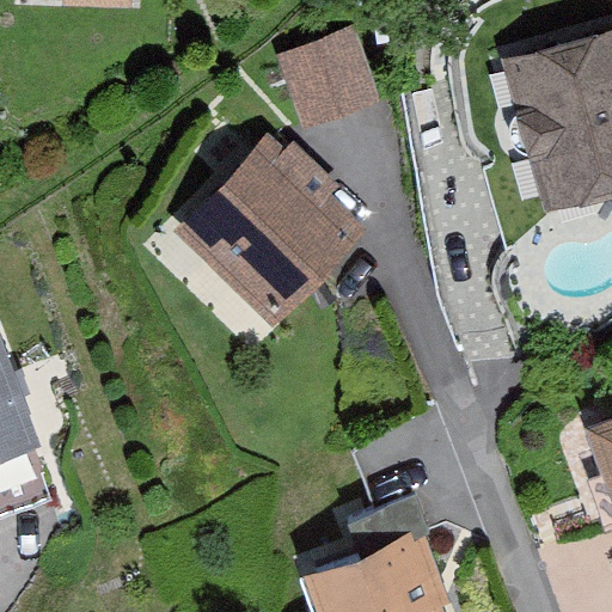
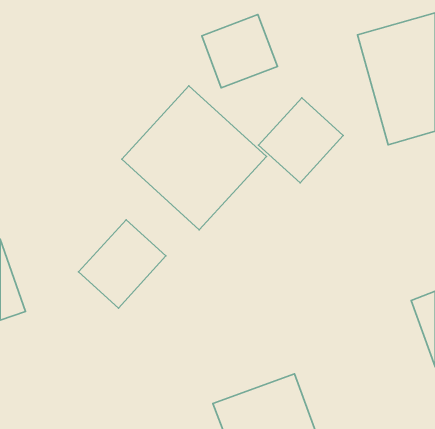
building: none -> [259,98,343,183]
building: none -> [79,220,166,308]

